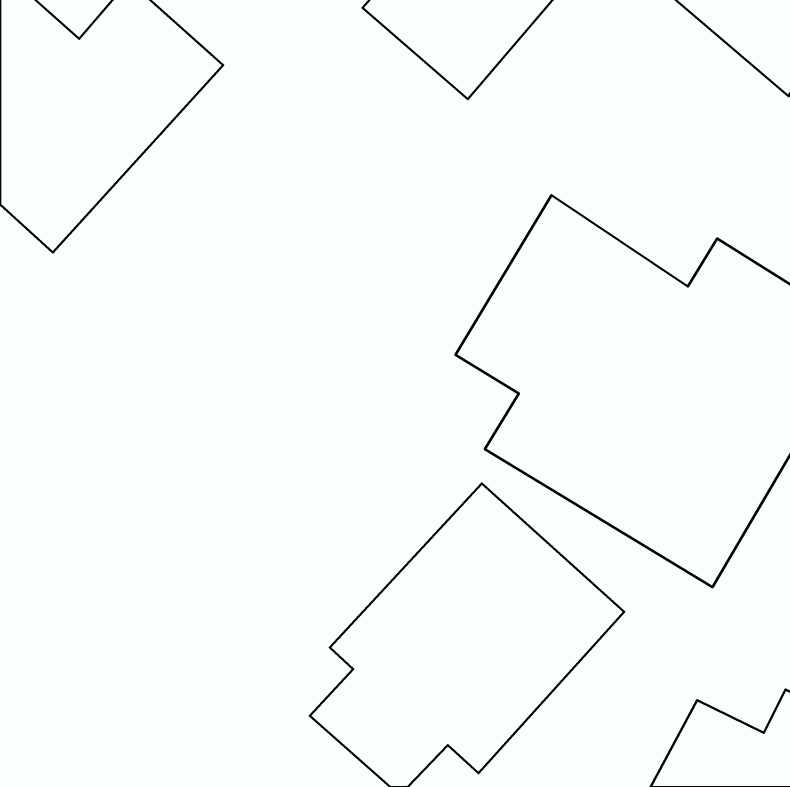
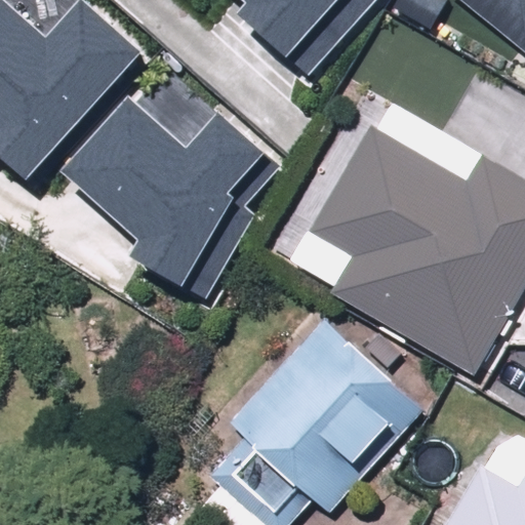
building: none -> [78,87,282,283]

